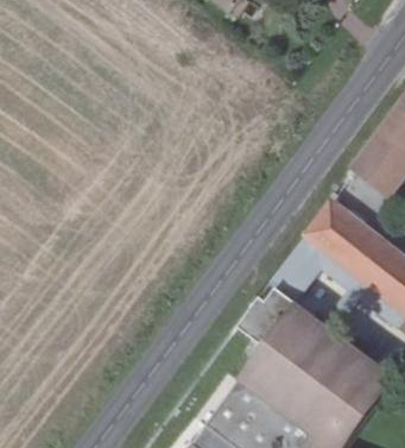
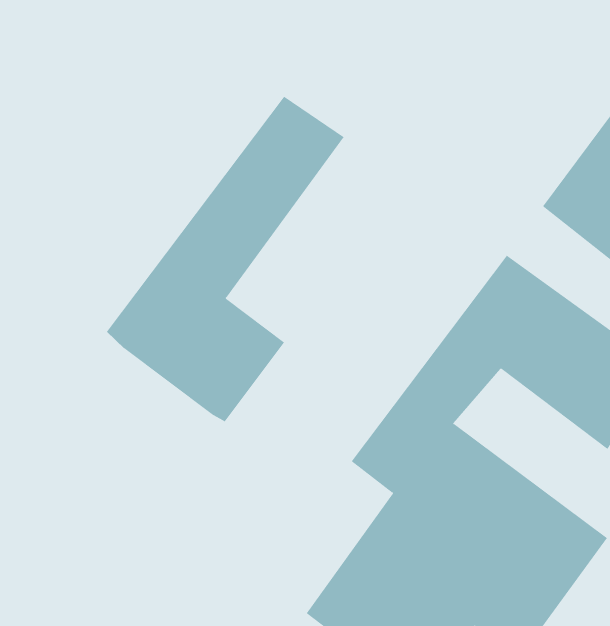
building: none -> [106,96,344,422]

